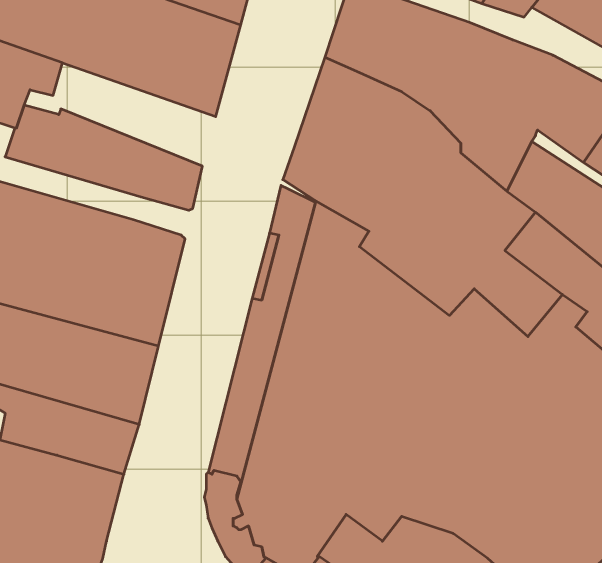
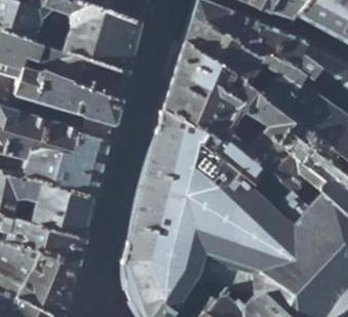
building: none -> [38,44,125,100]

